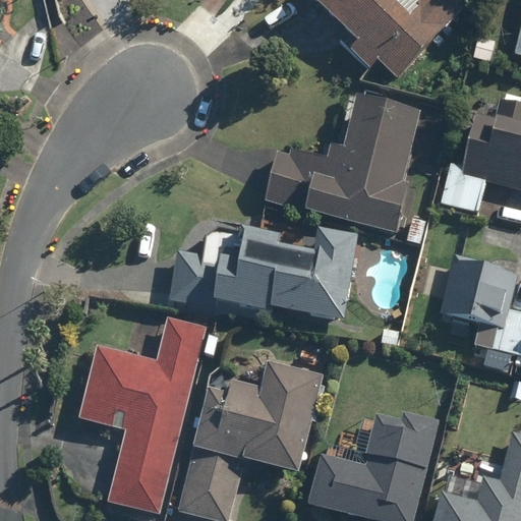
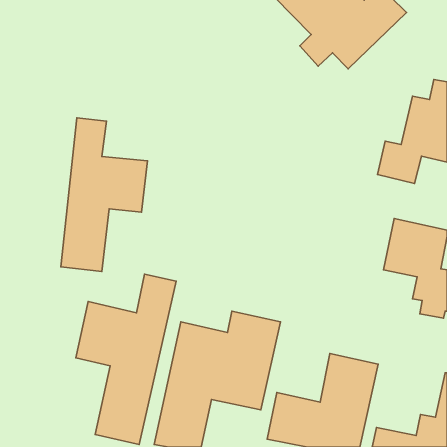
building: [266,92,421,233] -> none
building: none -> [61,118,147,271]
building: [169,227,358,321] -> none

